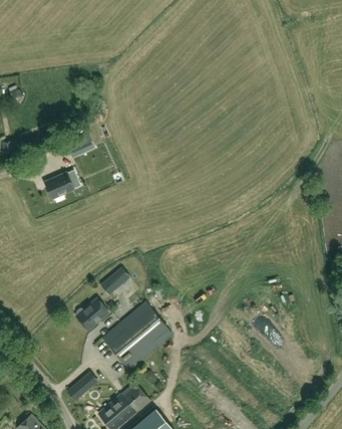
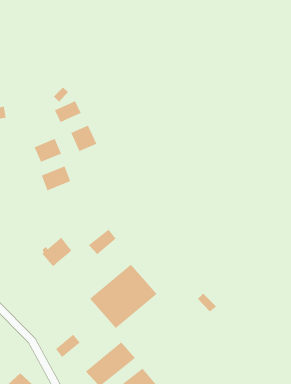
building: none -> [70,125,97,152]
building: none -> [41,166,71,191]
building: [76,298,108,330] -> [41,237,72,267]

